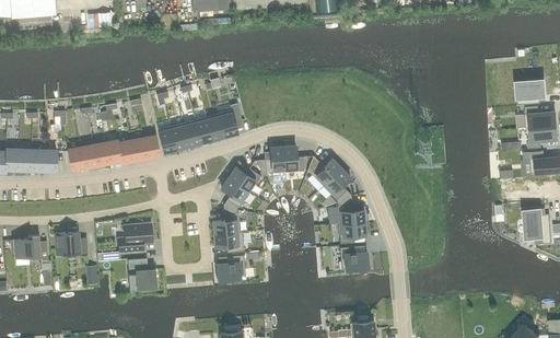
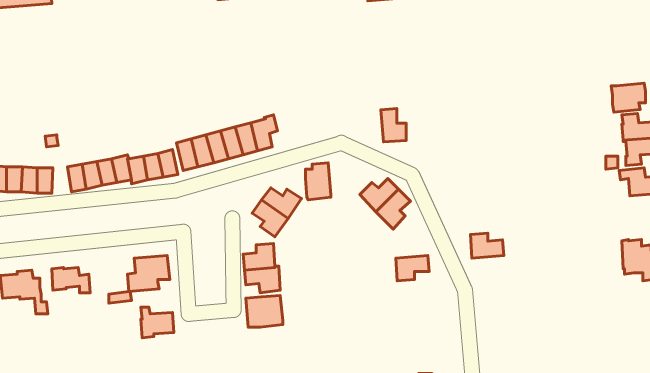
building: [283,144,304,172] -> [381,109,406,142]
building: [338,203,365,224] -> [470,233,504,258]
building: [340,246,369,271] -> none

